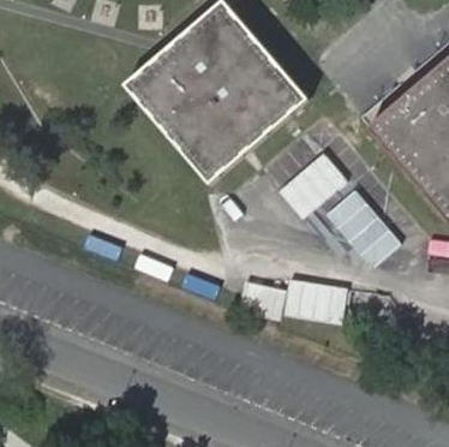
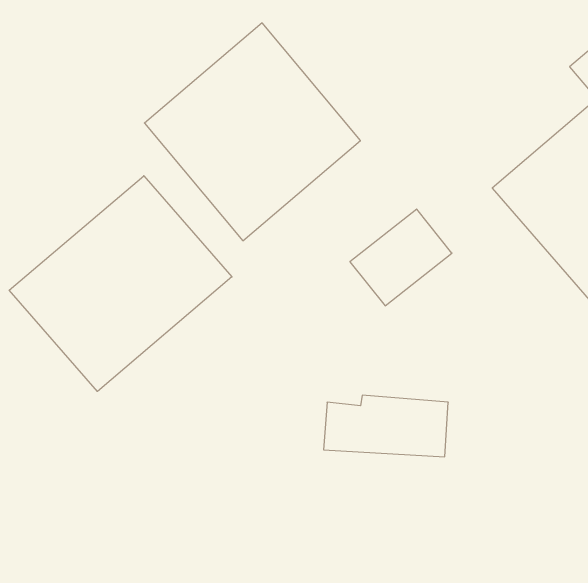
building: none -> [9,176,232,391]
building: [325,185,403,267] -> none

